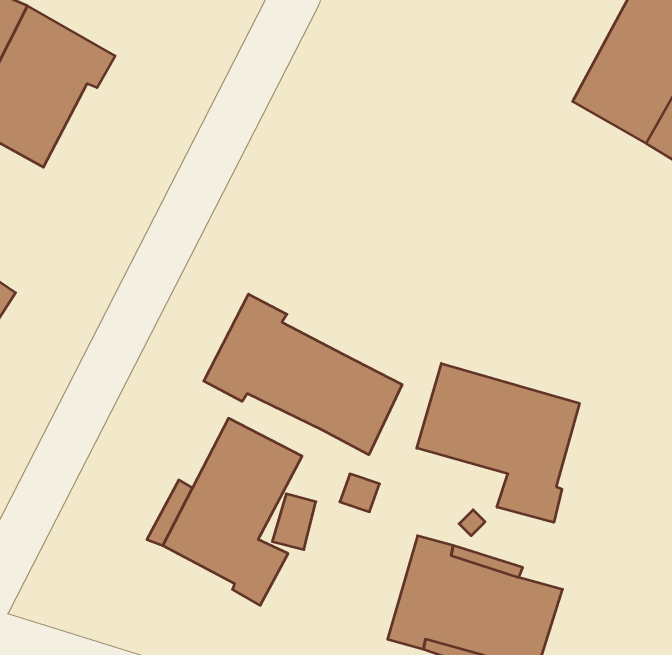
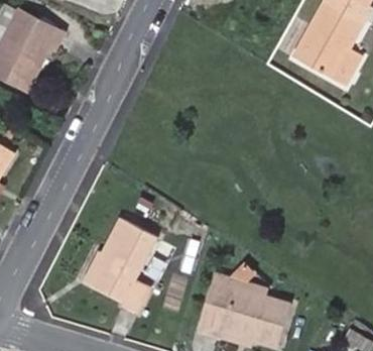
building: [204,294,402,455] -> none
building: [417,363,579,522] -> none

